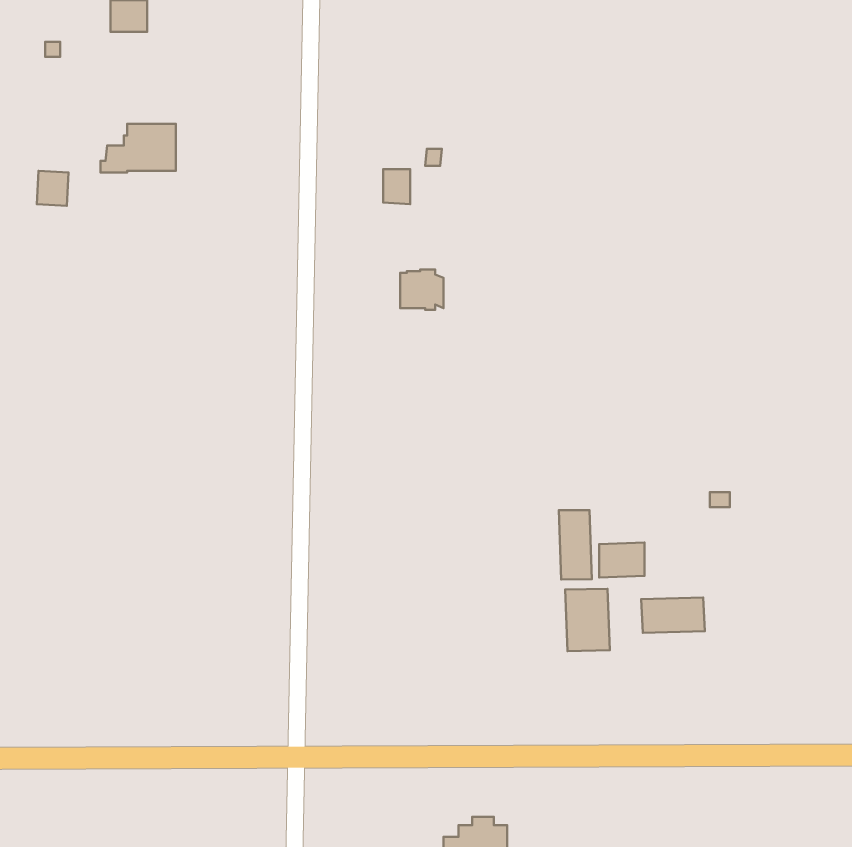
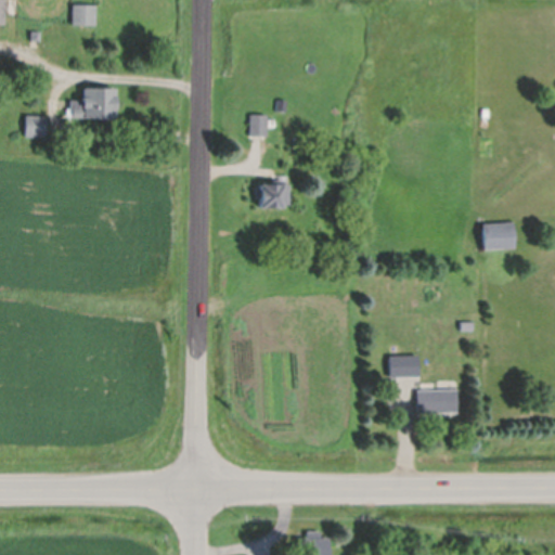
building: none -> [485,224,516,251]
building: [559,510,592,580] -> none
building: [565,589,610,651] -> none

